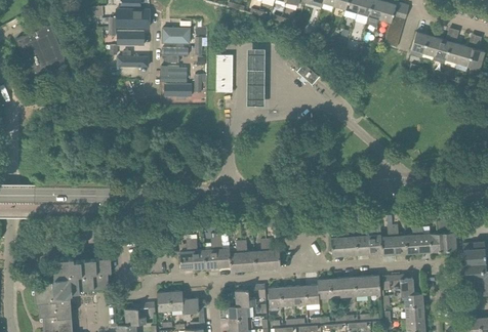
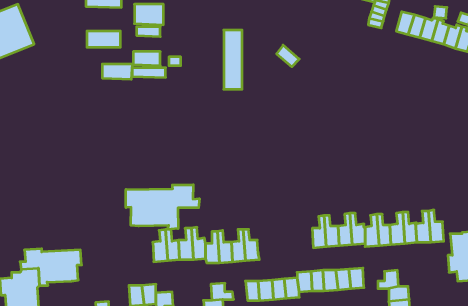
building: [116,31,145,45] -> [102,64,132,79]
building: [216,54,233,92] -> none
building: none -> [126,185,199,229]

